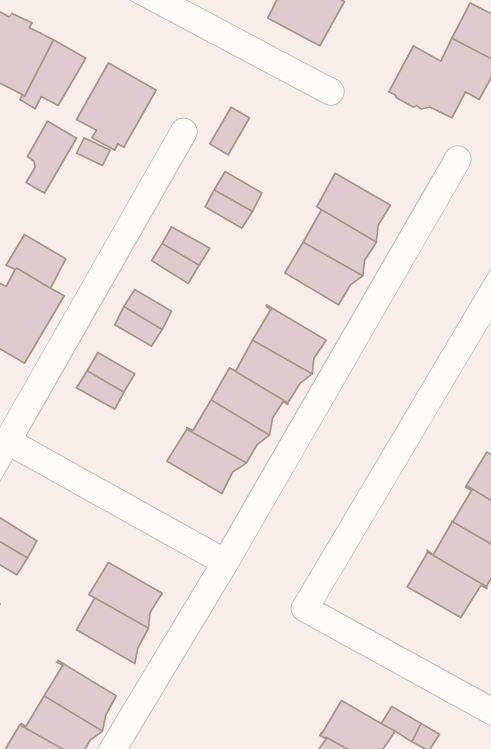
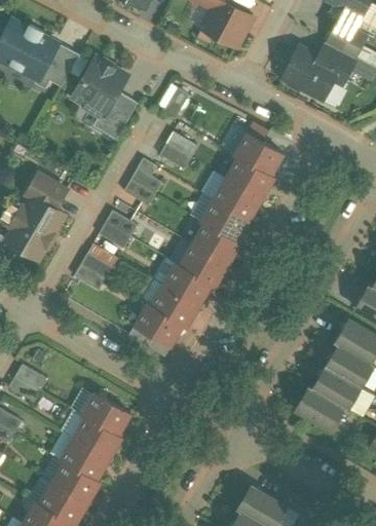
building: [26,121,77,193] -> [103,91,137,140]
building: none -> [199,199,248,245]
building: none -> [60,439,111,483]

